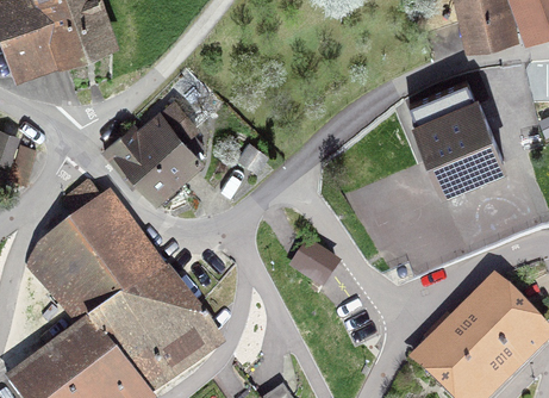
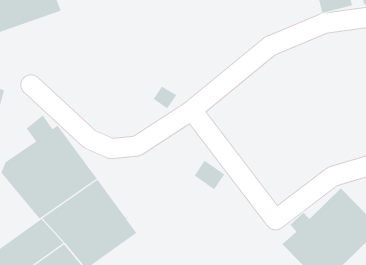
building: [410,91,504,187] -> none
building: [104,102,201,201] -> none

